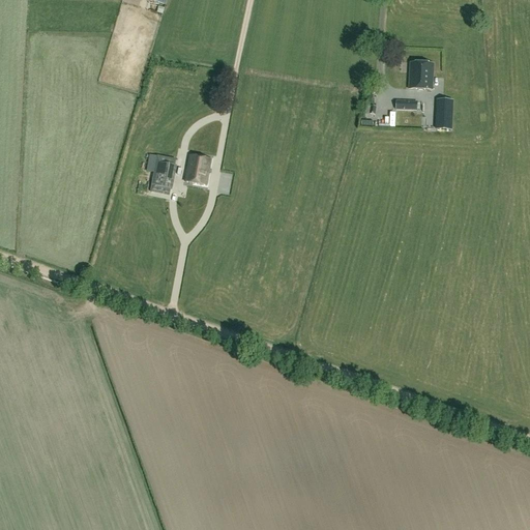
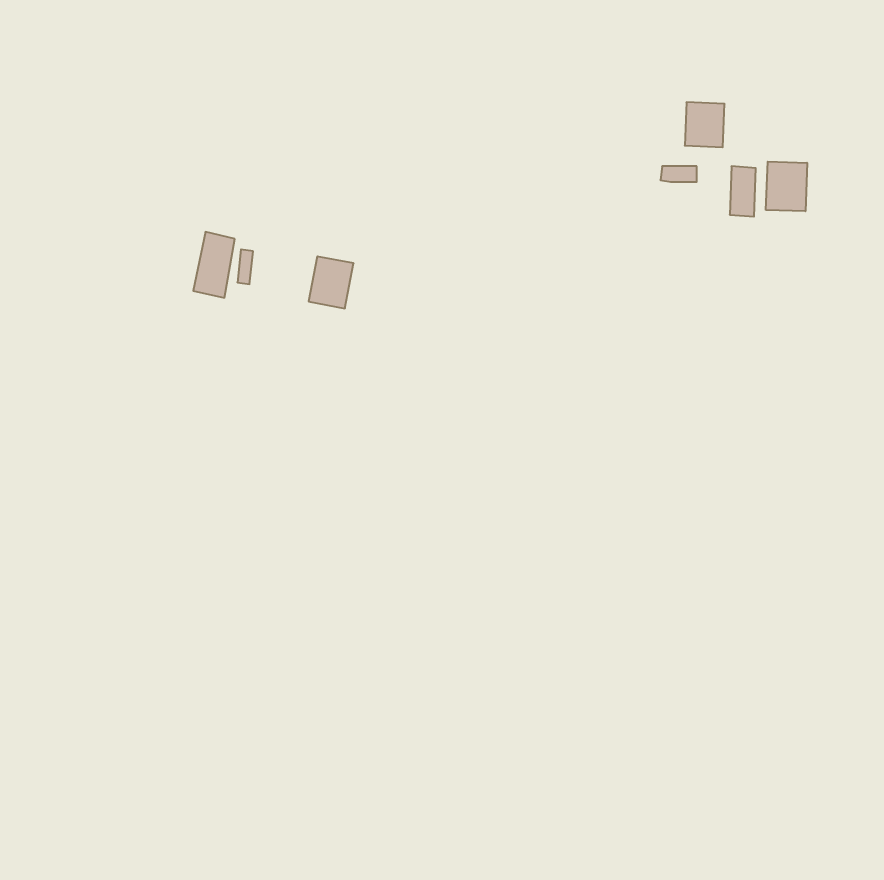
building: none -> [766,162,807,211]
building: [150,154,175,194] -> [193,232,235,298]

